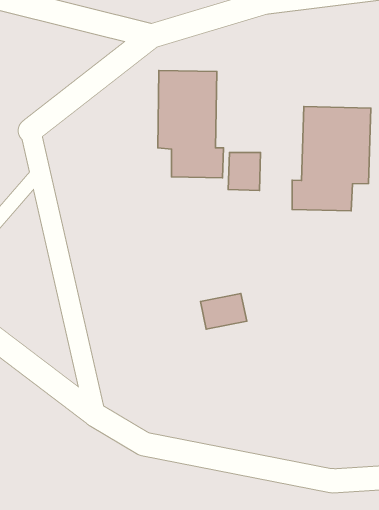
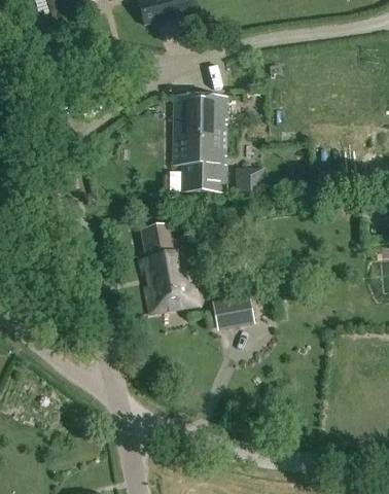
building: [292,107,371,211] -> none
building: none -> [137,224,193,314]

